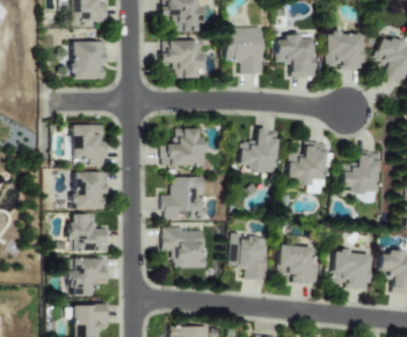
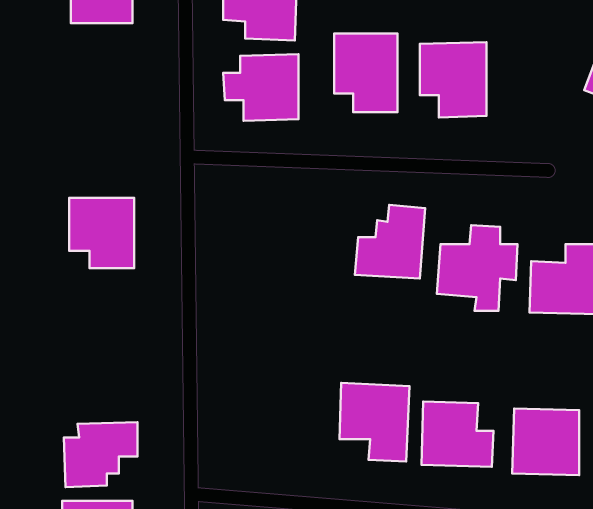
building: [325,31,362,70] -> none
building: [68,42,107,79] -> none
building: [161,128,207,167] -> none
building: [68,172,107,209] -> none
building: [161,177,207,218] -> none
building: [66,214,109,252] -> none
building: [162,228,208,268] -> none

